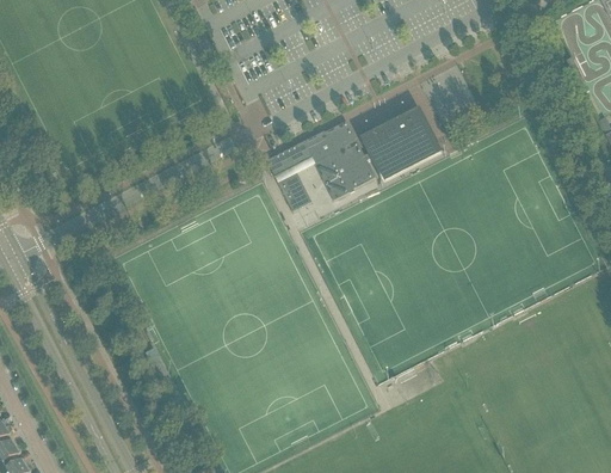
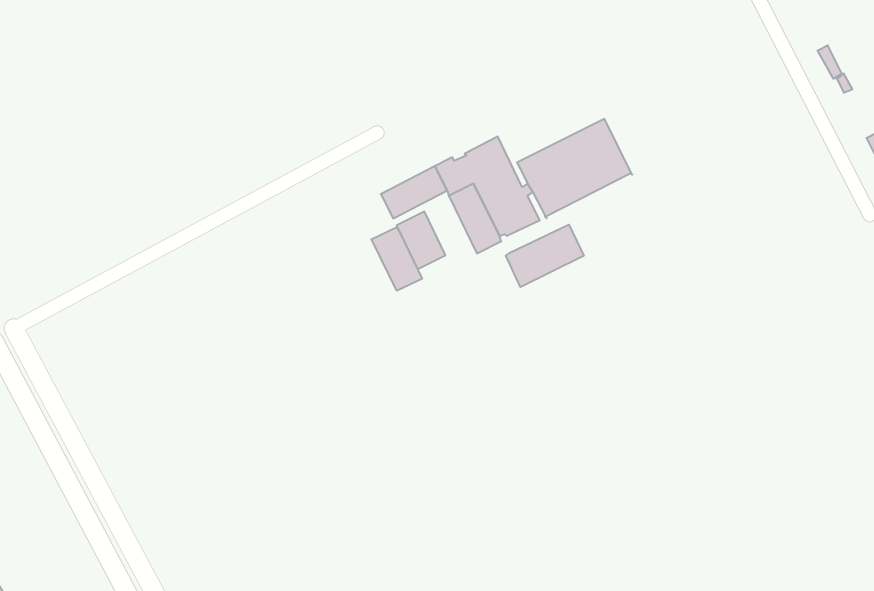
building: none -> [506,225,584,287]
building: none -> [371,227,422,291]

